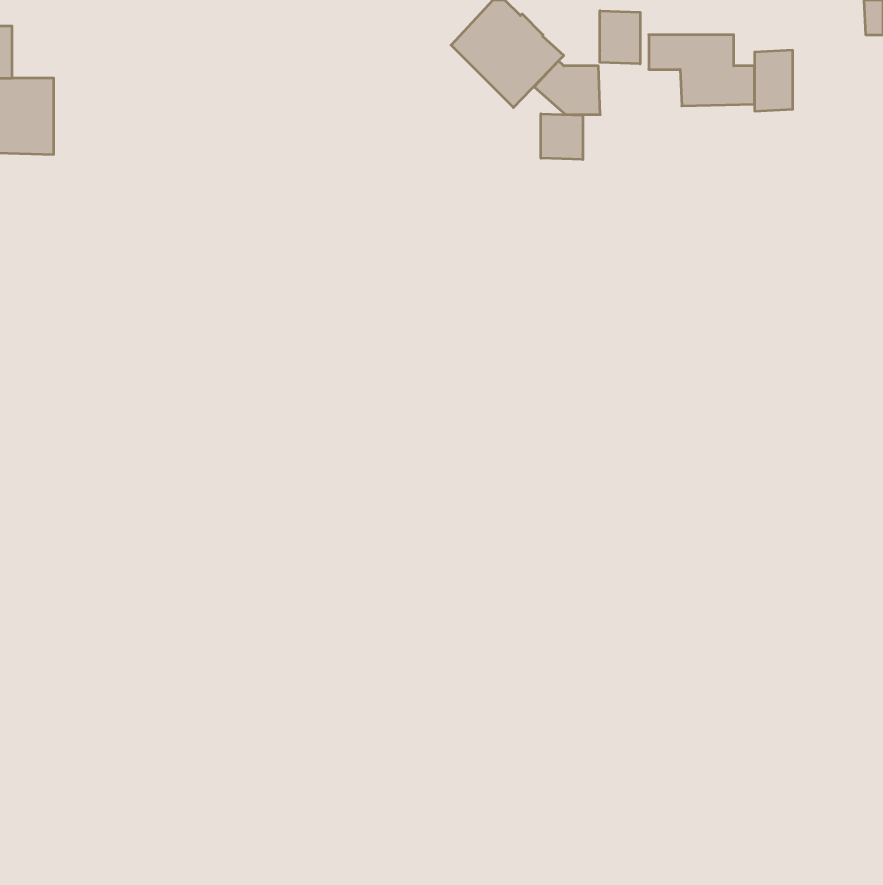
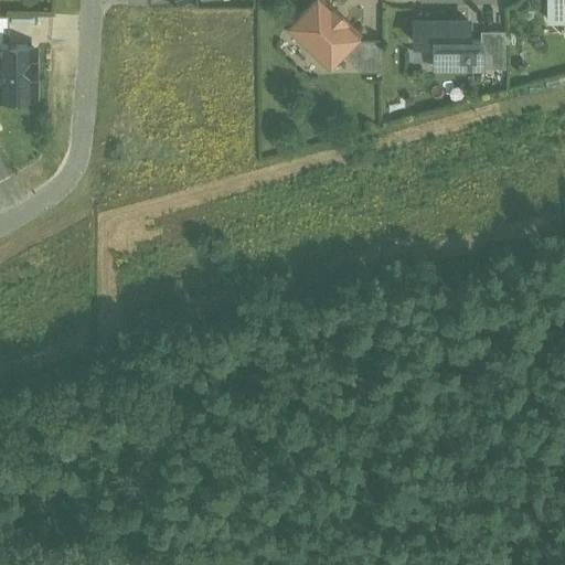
building: [600,11,640,64] -> none
building: [541,114,583,160] -> none

